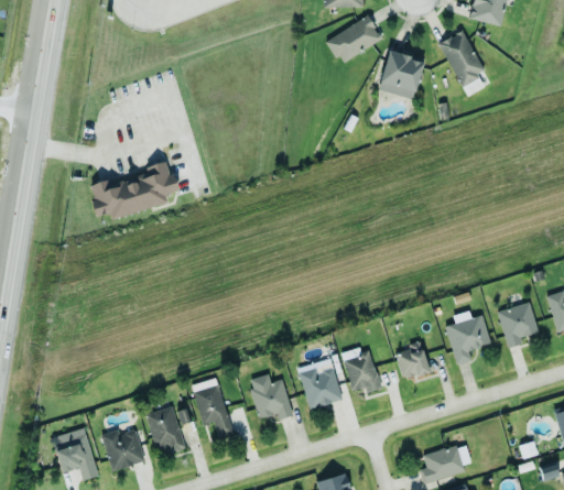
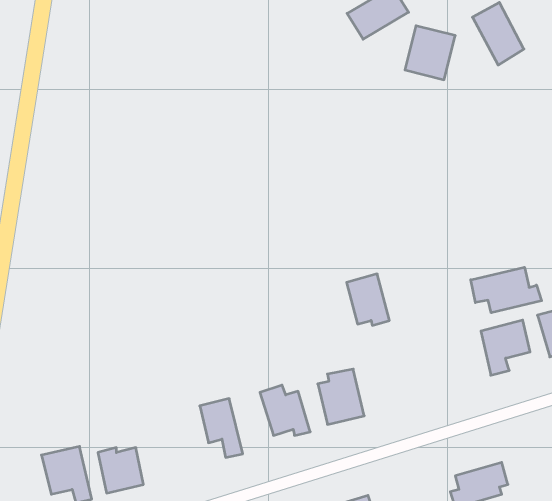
building: [87,167,176,220] -> none
building: none -> [471,267,542,313]
building: [394,342,430,379] -> none
building: [341,346,380,392] -> [347,274,389,325]
building: [145,405,185,453] -> none

